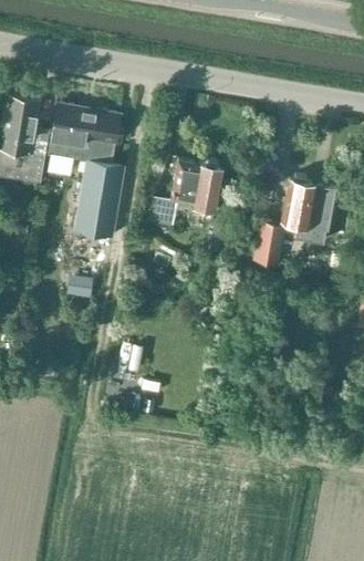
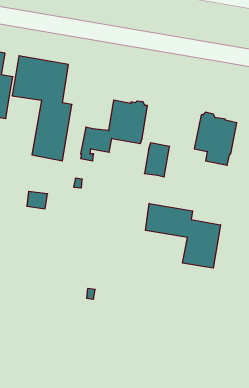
building: [253,220,285,263] -> [144,143,170,177]
building: none -> [145,203,221,268]

